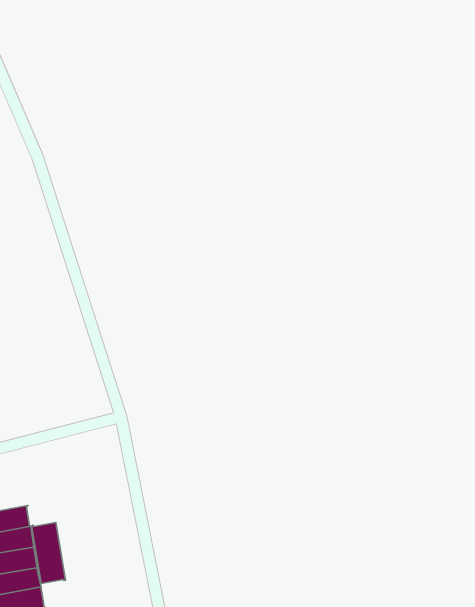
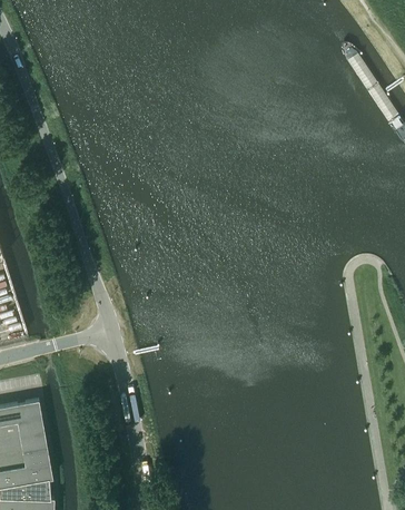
building: [32,523,66,583] -> none

